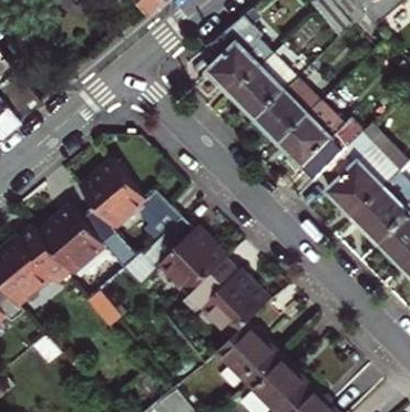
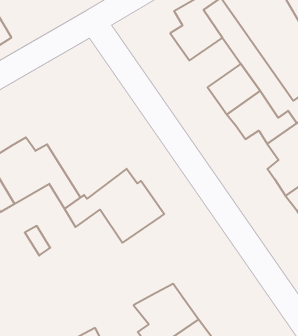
building: [229,66,283,120] -> none
building: [83,159,184,255] -> none
building: [184,260,276,339] -> none

